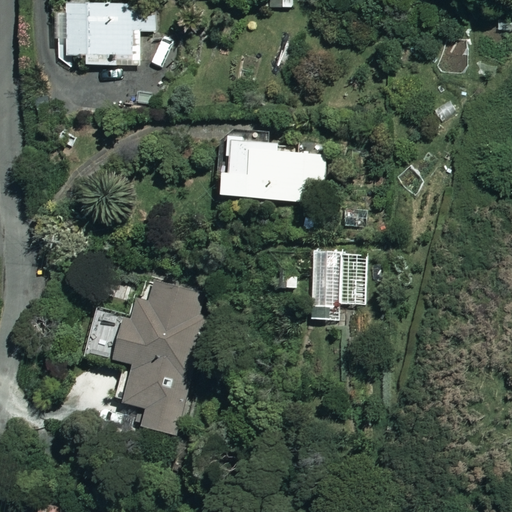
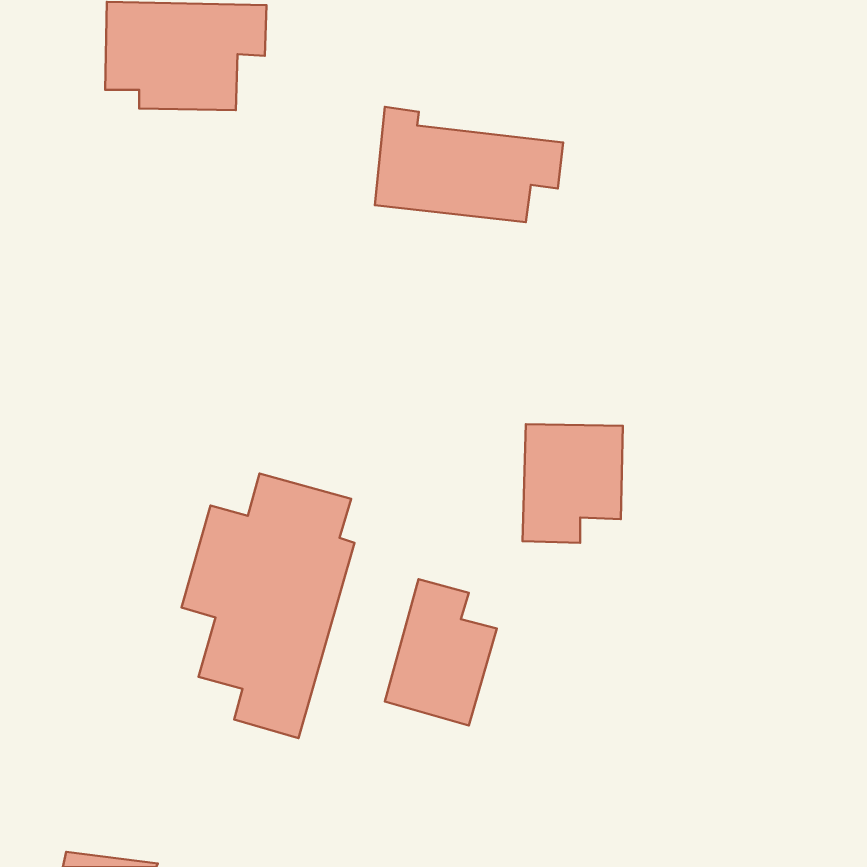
building: [215,134,326,202] -> [375,107,563,222]
building: none -> [385,579,497,726]

